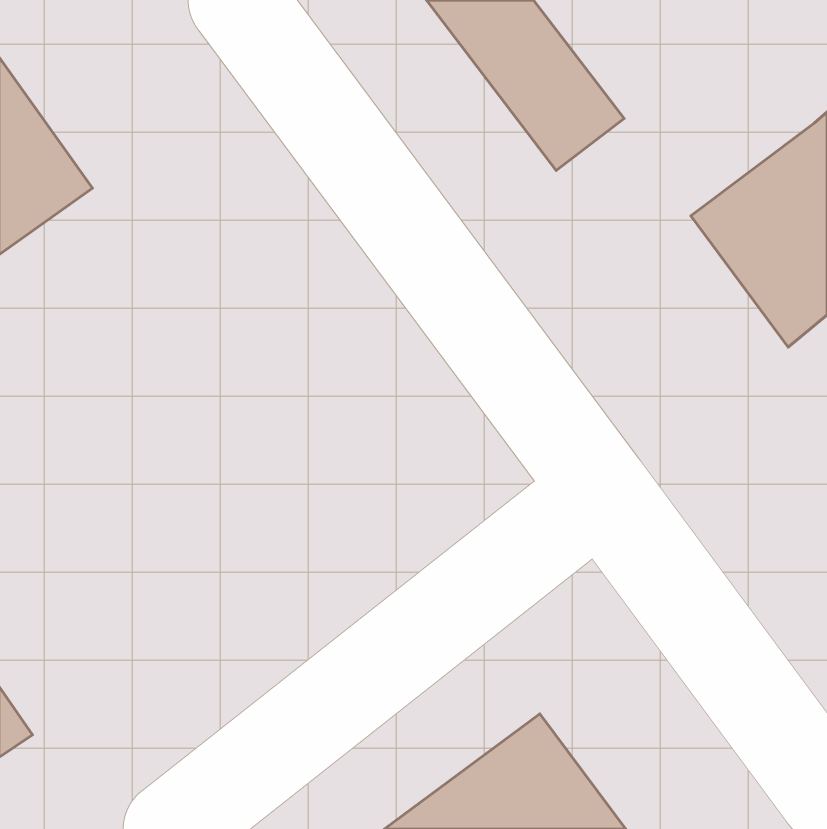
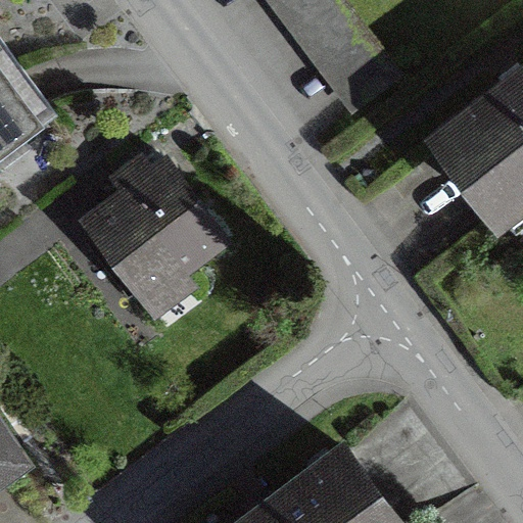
building: none -> [84,162,221,298]

